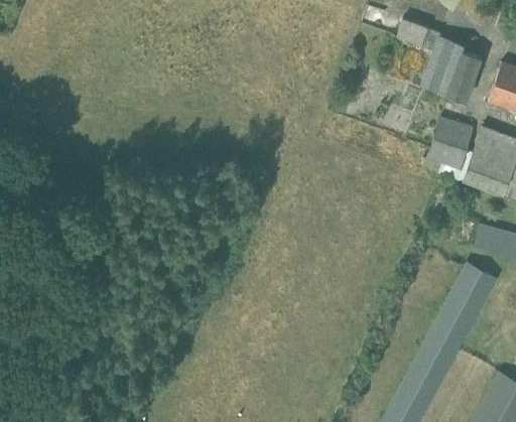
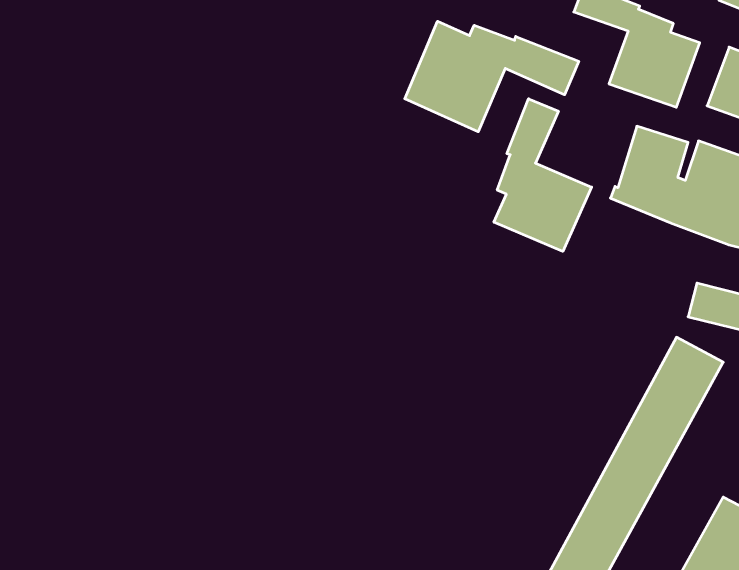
building: none -> [405,21,579,132]
building: none -> [494,99,592,251]

